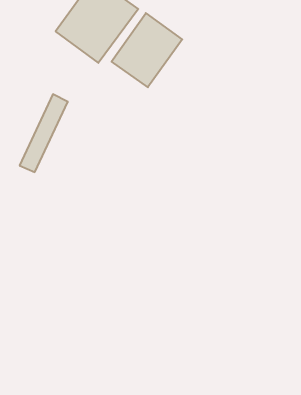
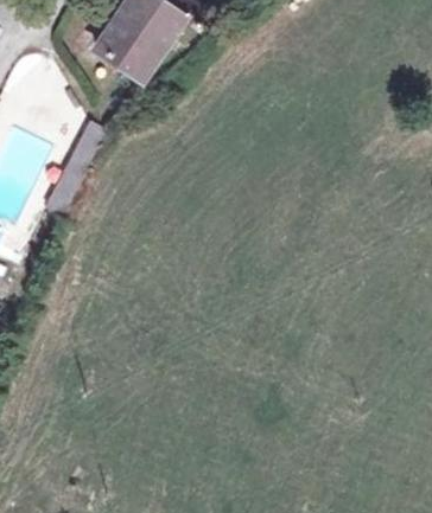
building: [112,13,182,87] -> none

